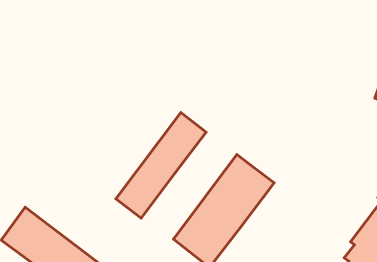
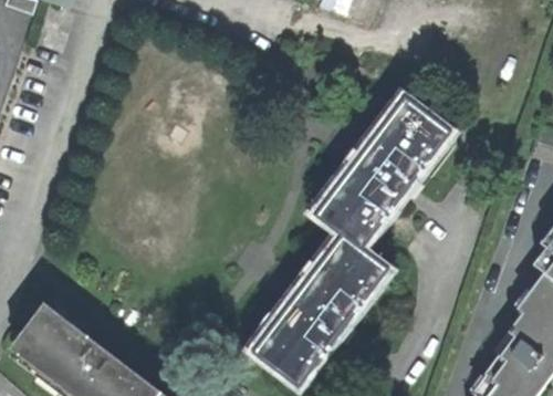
building: none -> [312,98,450,250]
building: [116,112,206,218] -> none

